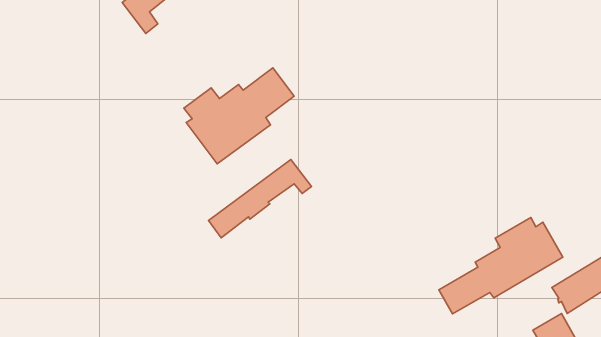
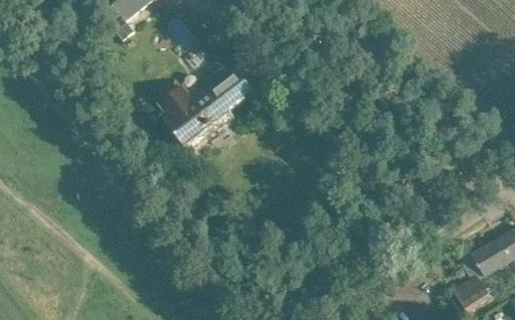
building: [209,160,311,238] -> none
building: [439,218,563,314] -> none

